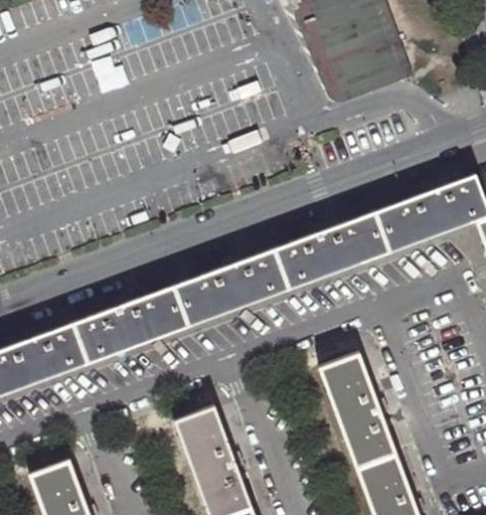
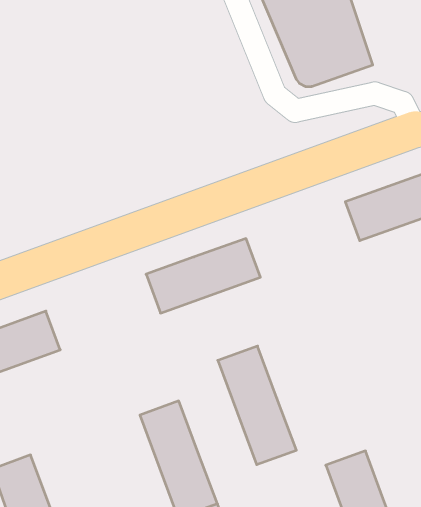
building: [281,211,392,286] -> none
building: [84,283,196,357] -> none
building: [321,354,398,471] -> [218,346,296,465]

